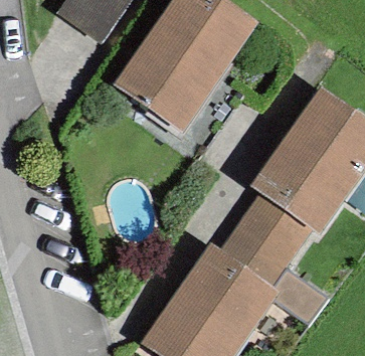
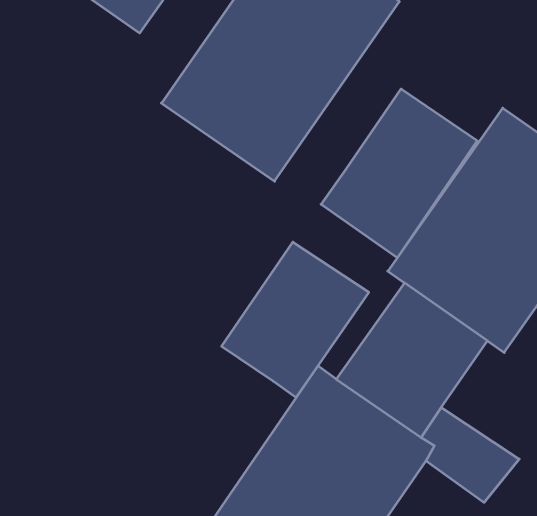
building: none -> [321,89,477,258]
building: none -> [222,242,369,398]

